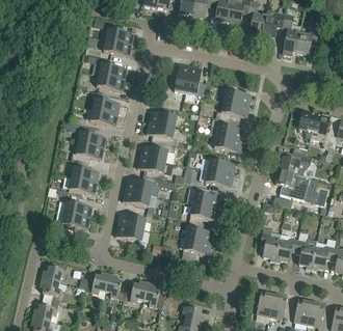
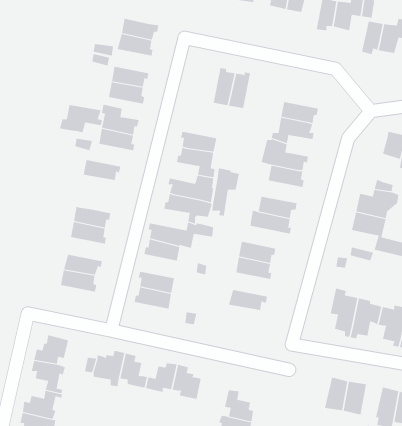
building: none -> [212,168,239,216]
building: [71,142,103,163] -> [59,105,103,133]
building: [182,238,210,258] -> none

